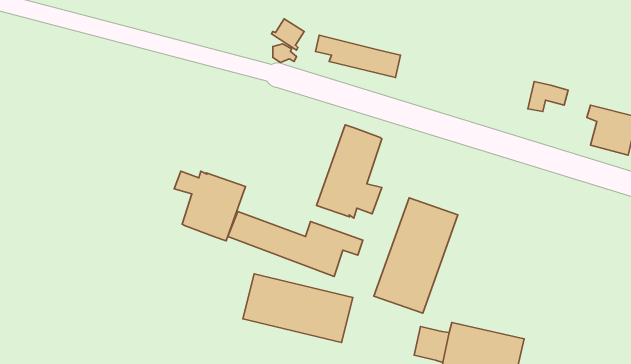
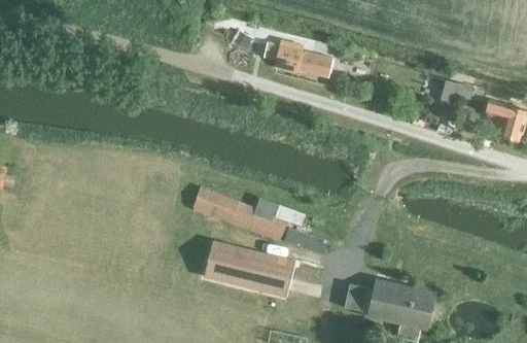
building: [316,125,382,218] -> none
building: [174,171,246,241] -> none
building: [374,198,458,313] -> none

